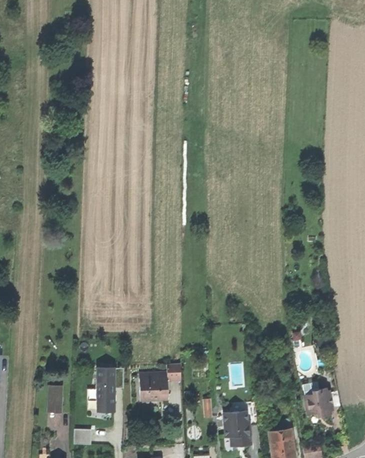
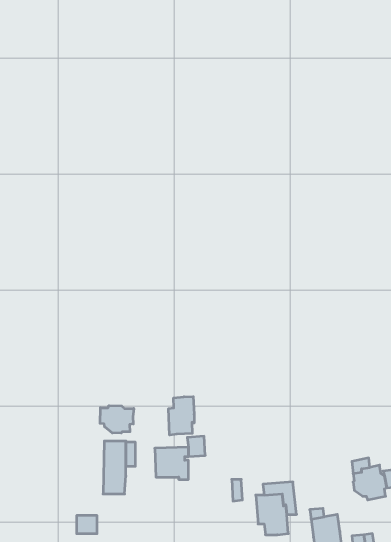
building: none -> [169,397,194,435]
building: none -> [100,406,134,433]
building: [47,386,62,413] -> none

